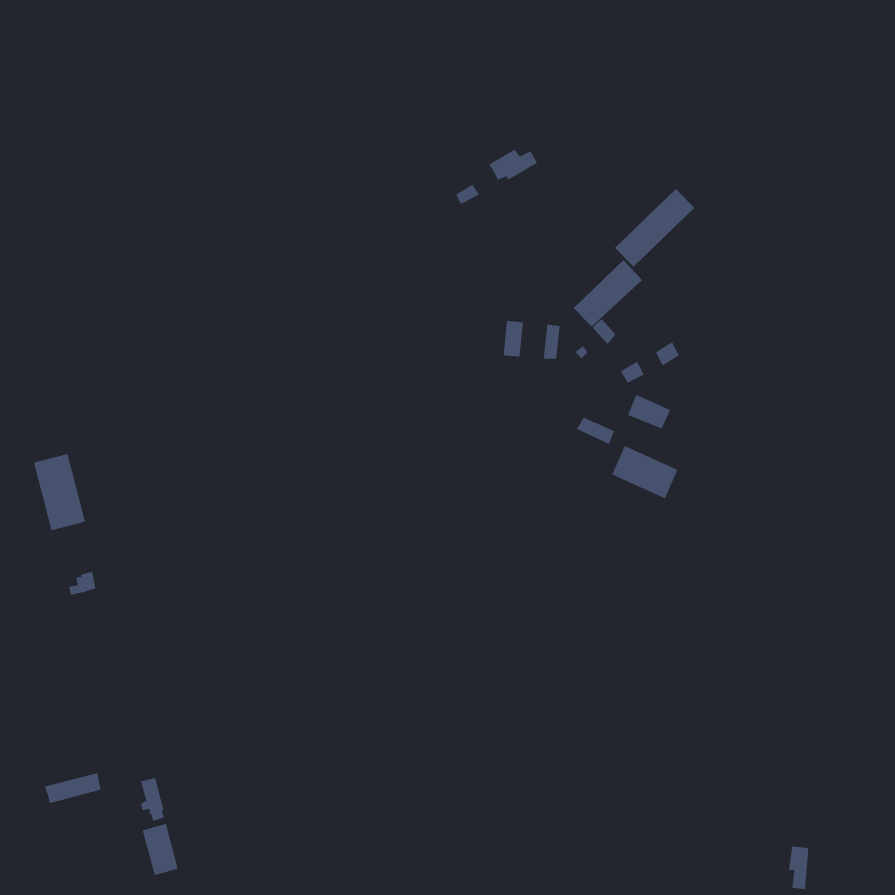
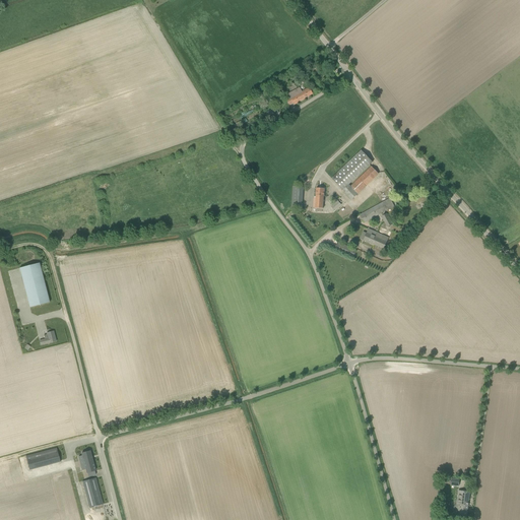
building: [614,188,695,267] -> none
building: [611,445,678,499] -> none

